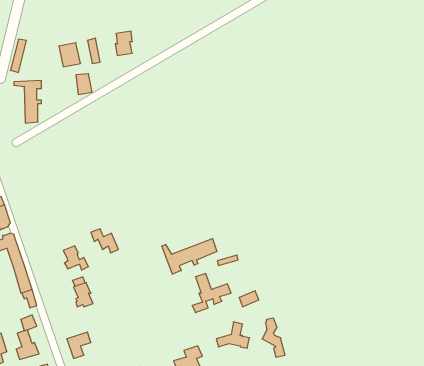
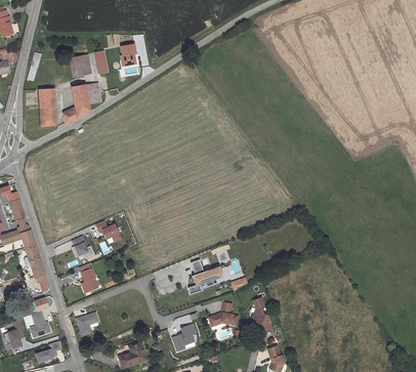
building: none -> [61,83,87,123]
building: [162,238,217,274] -> none

